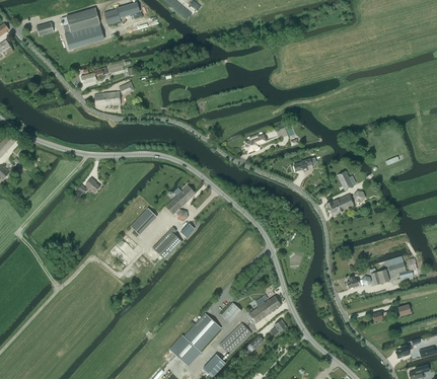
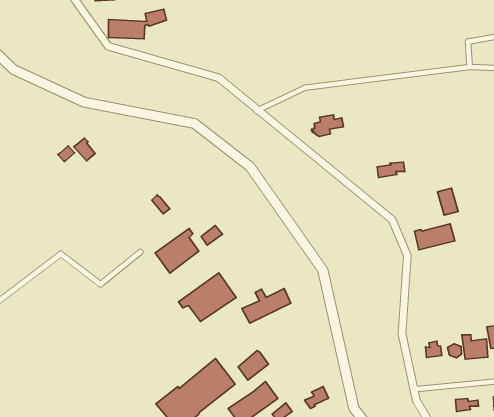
building: [165,184,196,221] -> none
building: none -> [179,273,236,322]
building: [248,295,281,322] -> [242,288,291,323]

